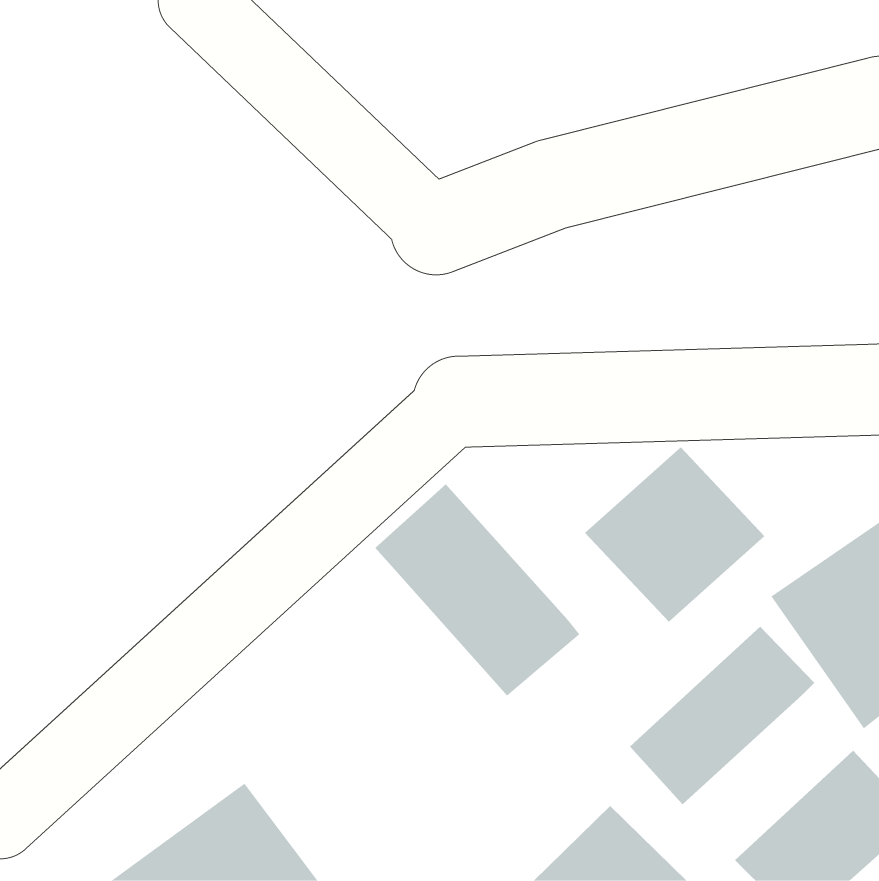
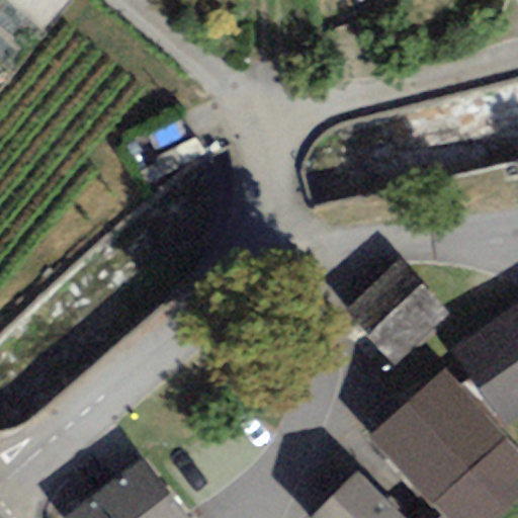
building: [374,484,580,697] -> none
building: none -> [402,401,509,505]

